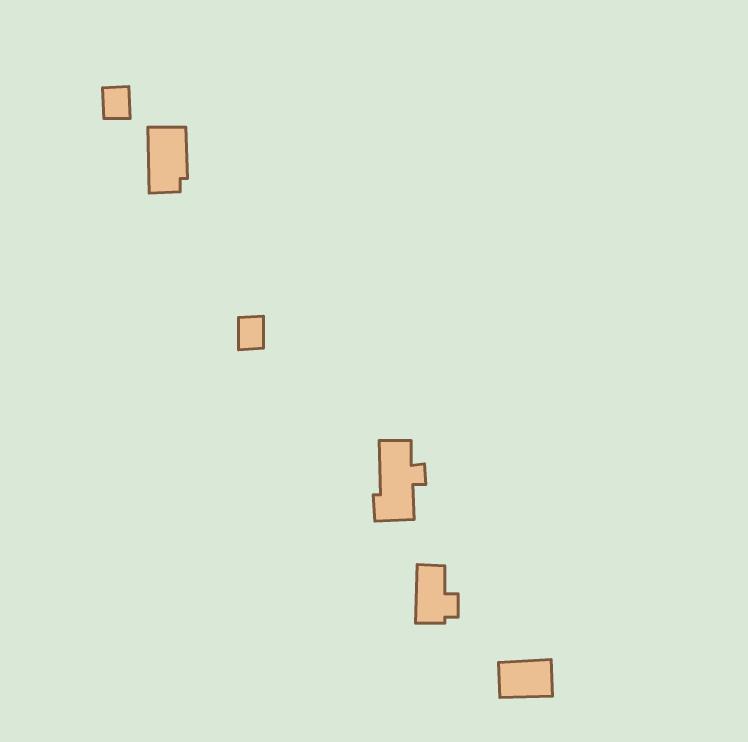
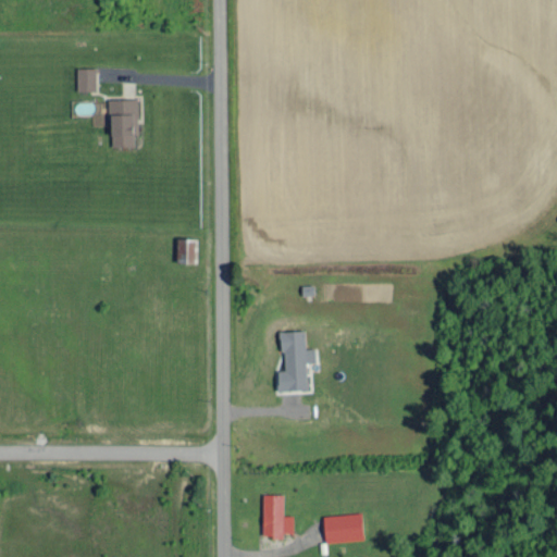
building: [416,565,458,623] -> [262,495,294,539]
building: [498,660,553,698] -> [324,515,364,543]

